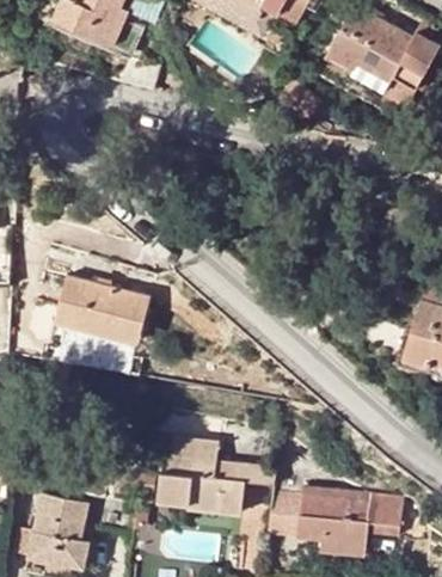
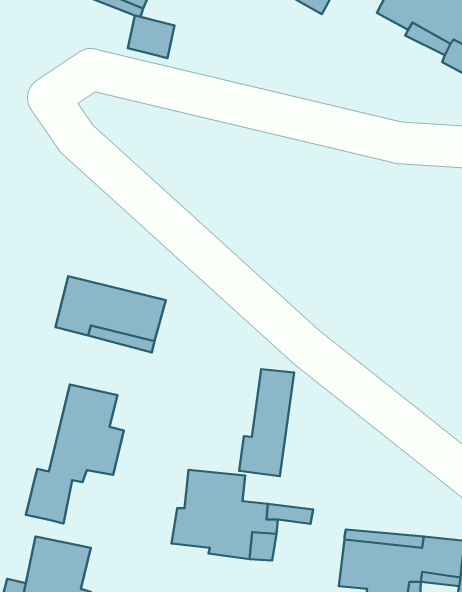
building: none -> [239,369,294,476]
building: none -> [26,385,124,523]
building: [266,492,301,536] -> none

